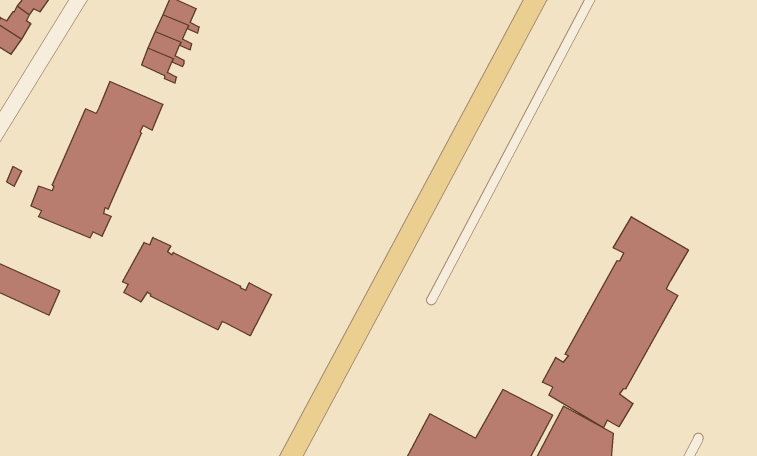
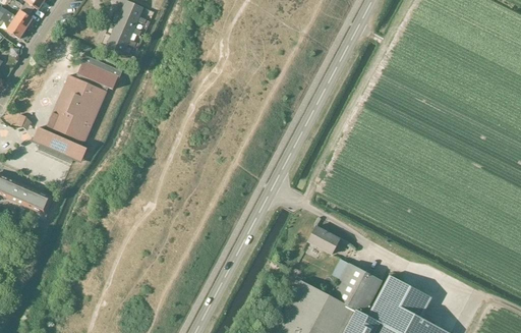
building: [542,217,688,428] -> none
building: [123,237,272,336] -> none
building: none -> [307,225,340,254]

